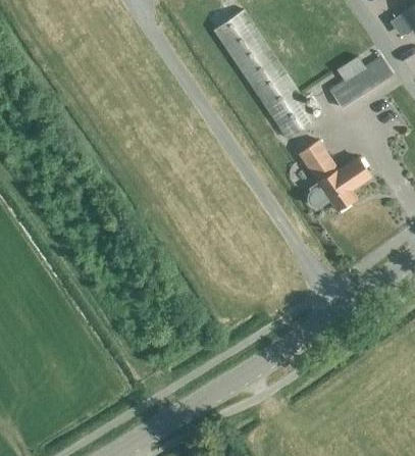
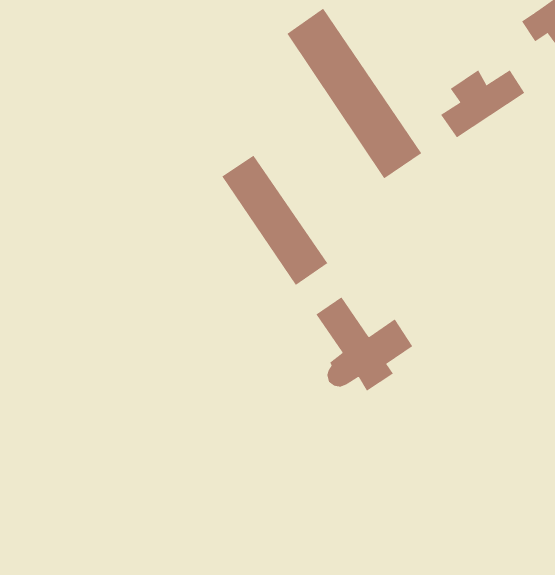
building: none -> [221,155,328,286]
building: [298,141,370,211] -> [316,297,413,391]

